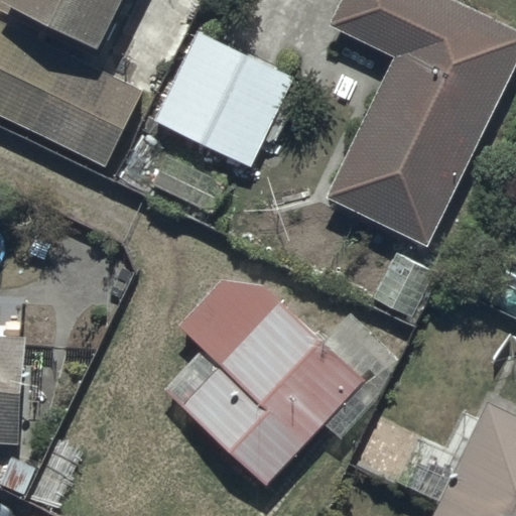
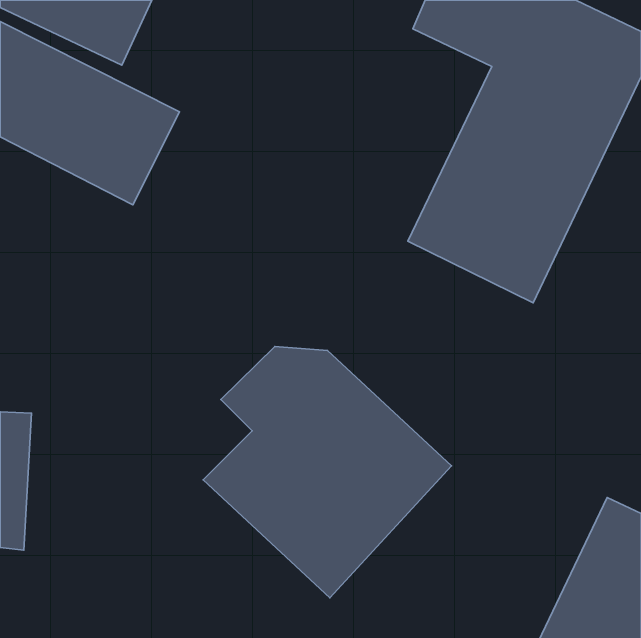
building: [154,31,293,165] -> none

